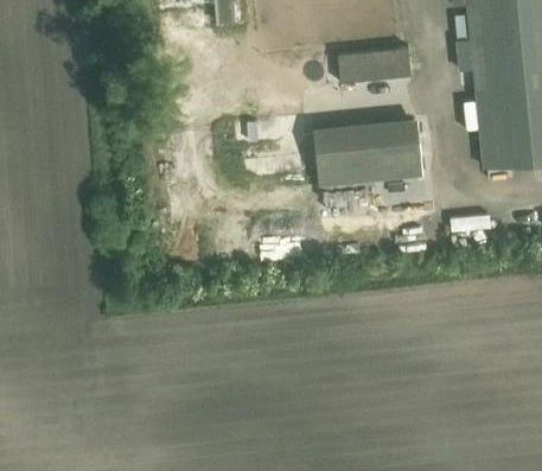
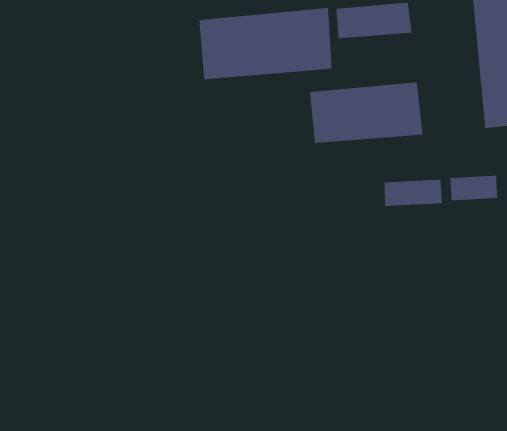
building: none -> [199,7,332,80]
building: none -> [384,179,443,207]

